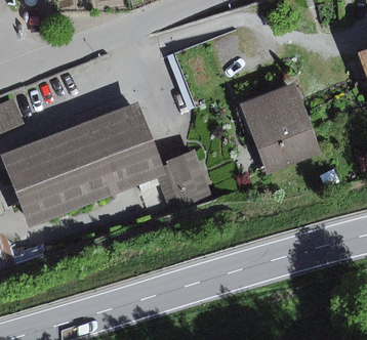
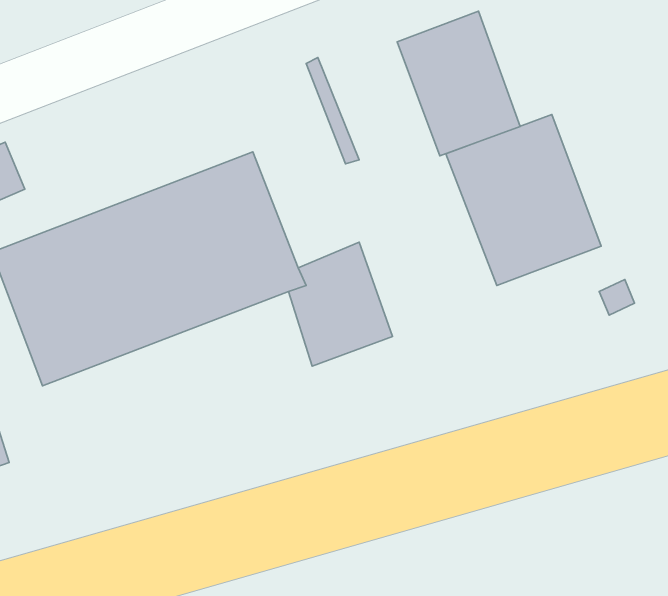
building: none -> [397,11,520,156]

